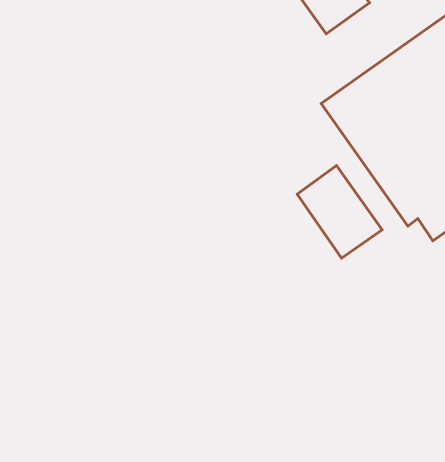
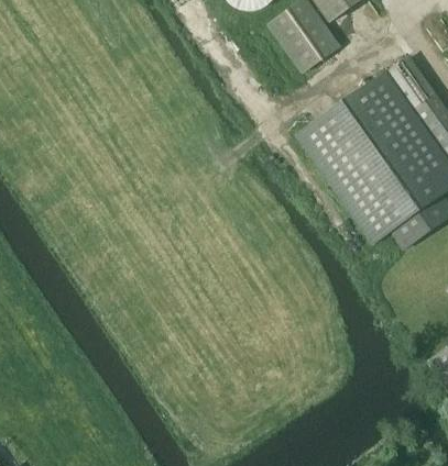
building: [297,165,382,258] -> none

